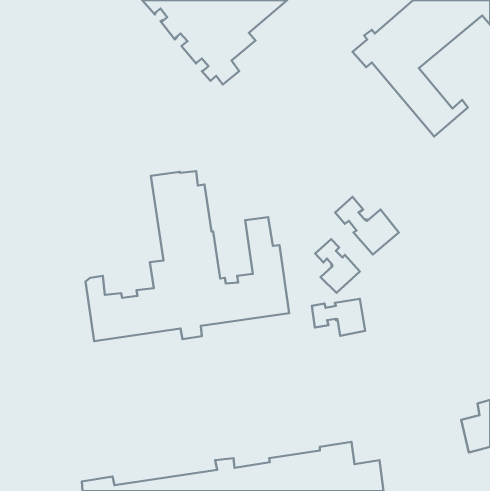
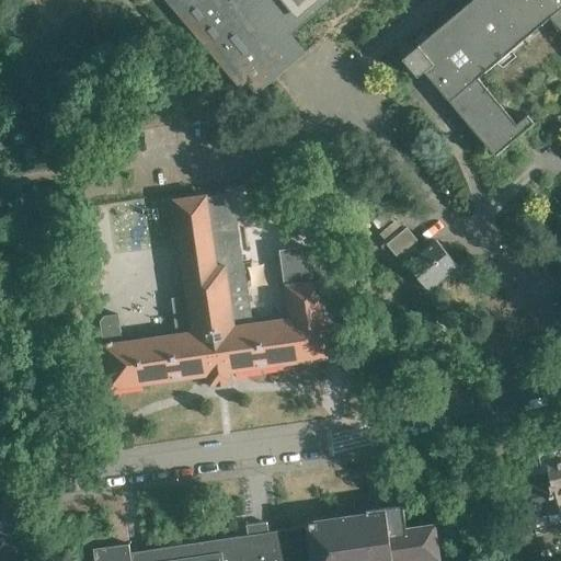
building: [315,239,360,293] -> none
building: [312,299,365,336] -> none

